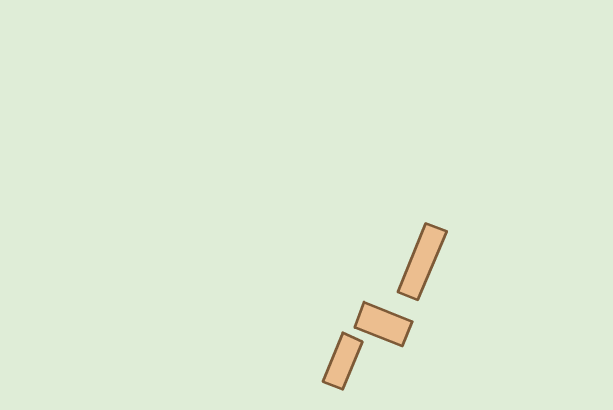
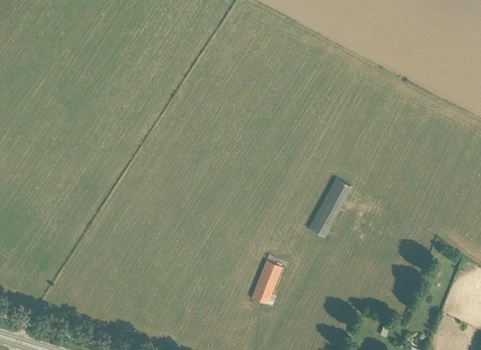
building: [355,302,412,346] -> none

